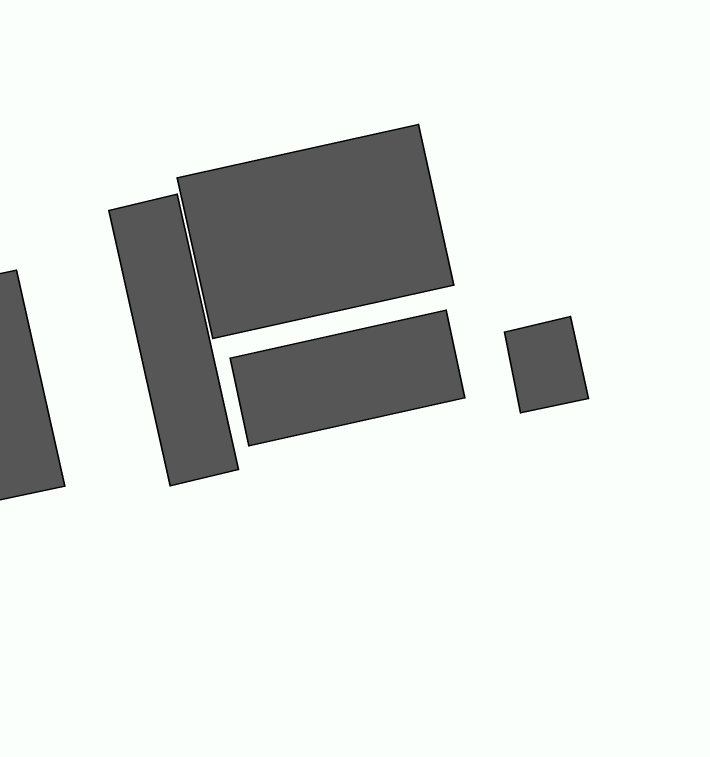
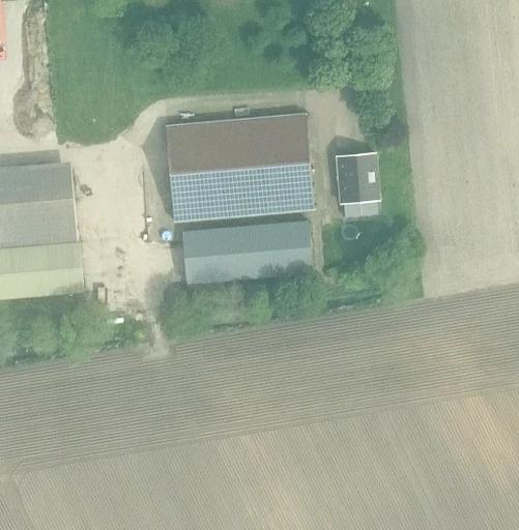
building: [109,194,238,486] -> none
building: [504,316,588,413] -> [337,152,379,203]

